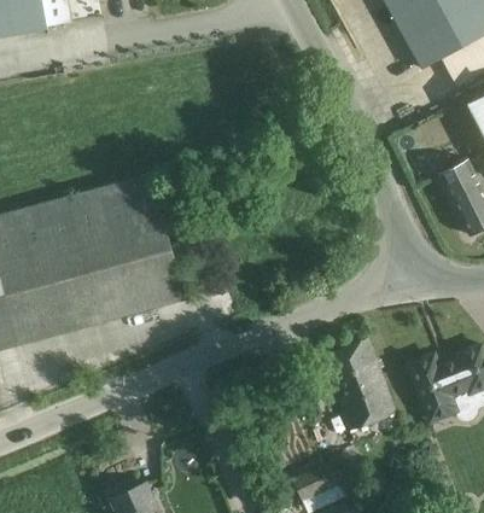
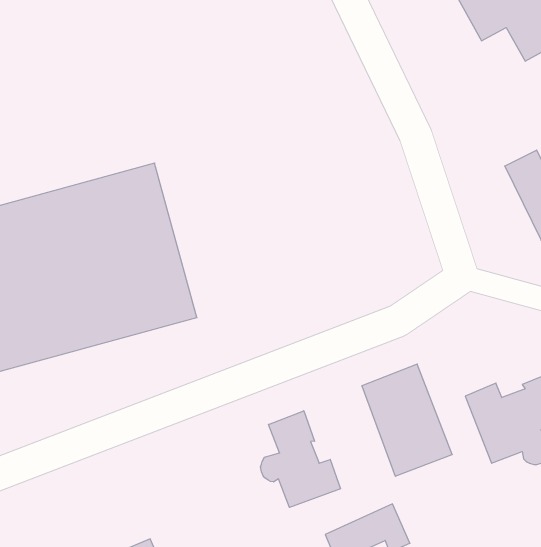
building: none -> [261,411,340,507]

